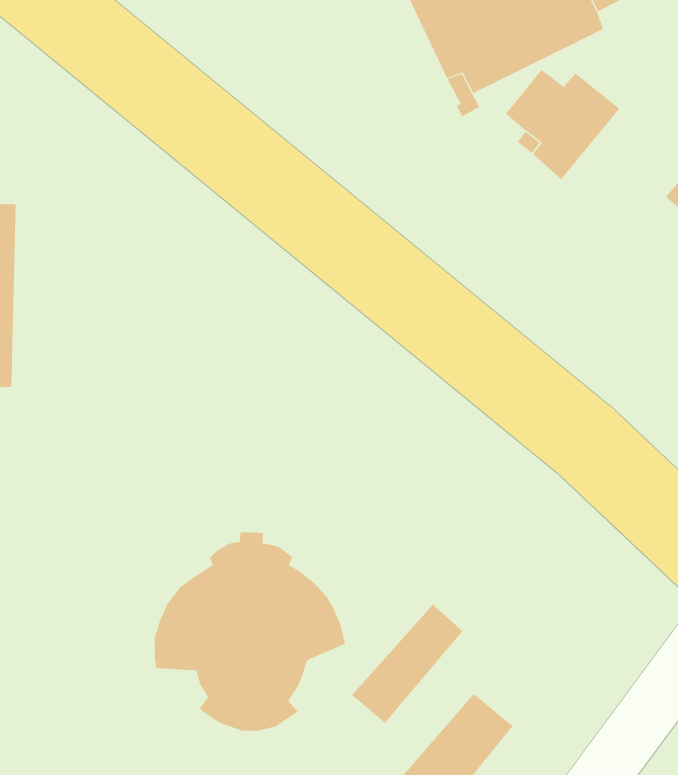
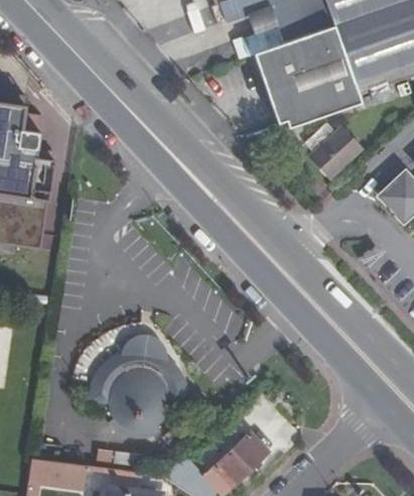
building: [351,604,463,724] -> none

